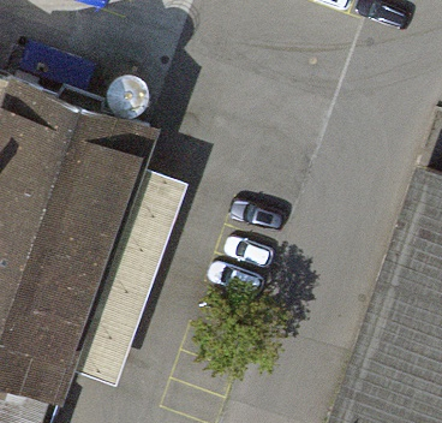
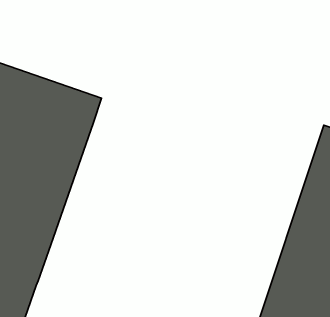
building: [65,162,184,381] -> none

